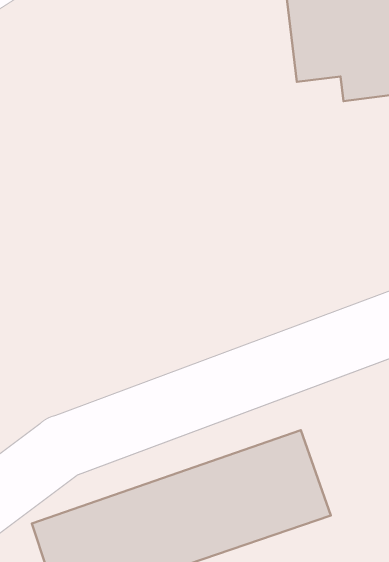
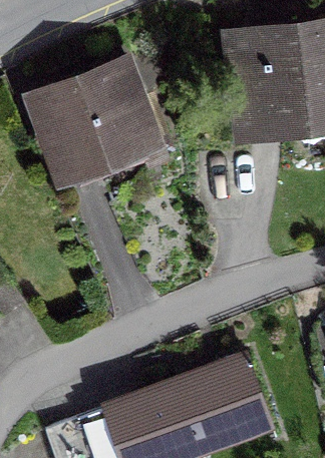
building: none -> [32,58,172,169]

